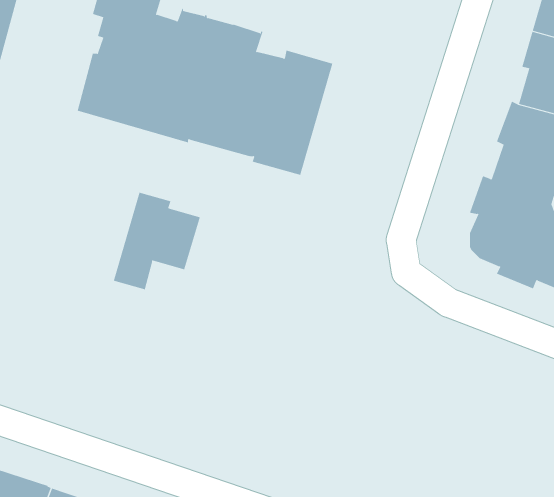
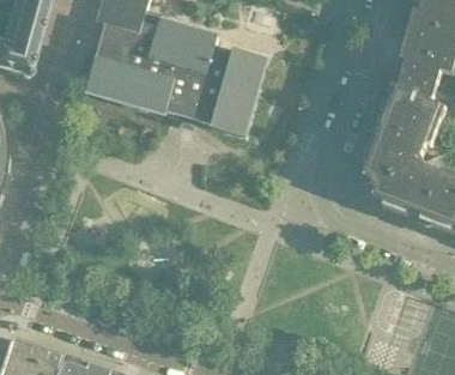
building: [113,192,201,290] -> none

